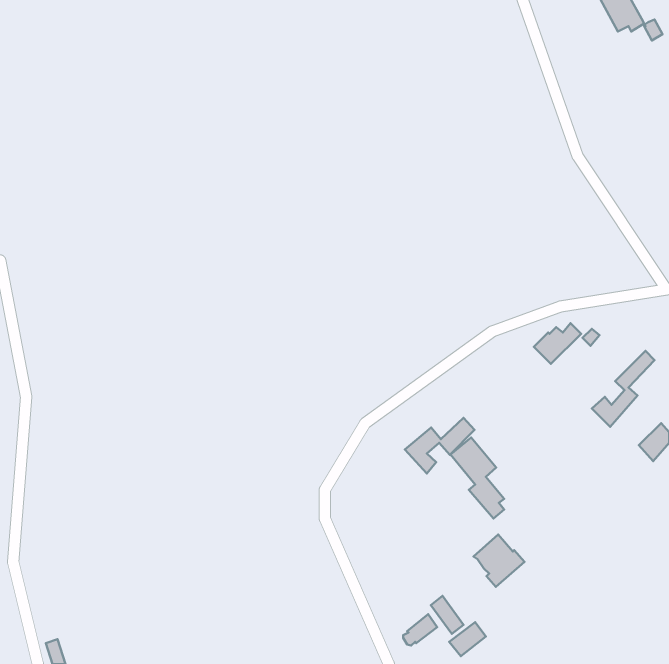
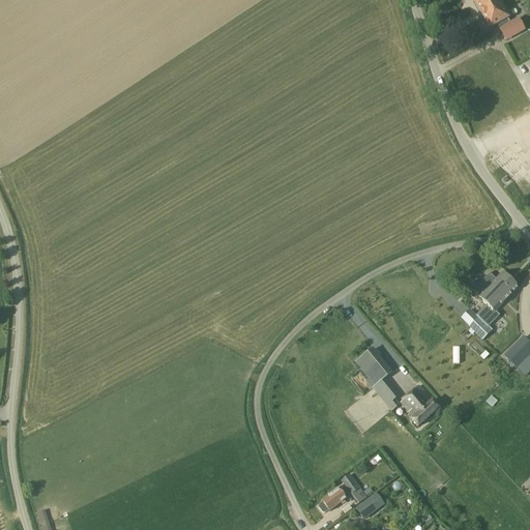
building: [534,323,581,364] -> [473,269,510,301]
building: [405,418,475,474] -> none
building: [473,534,524,587] -> [400,383,440,424]

